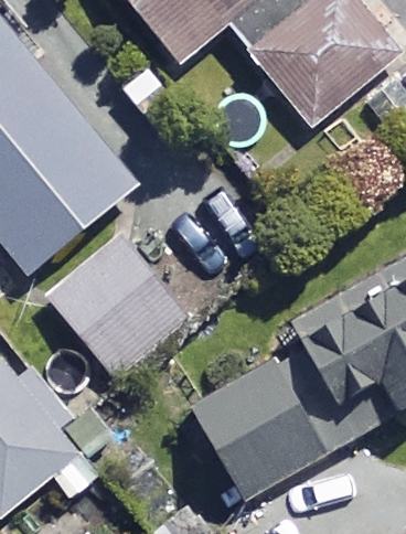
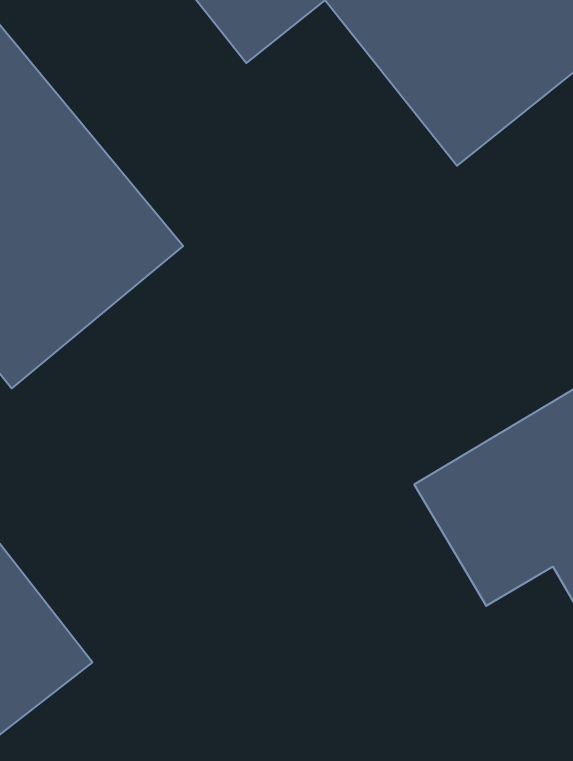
building: [50,237,188,376] -> none
building: [181,351,325,501] -> none

